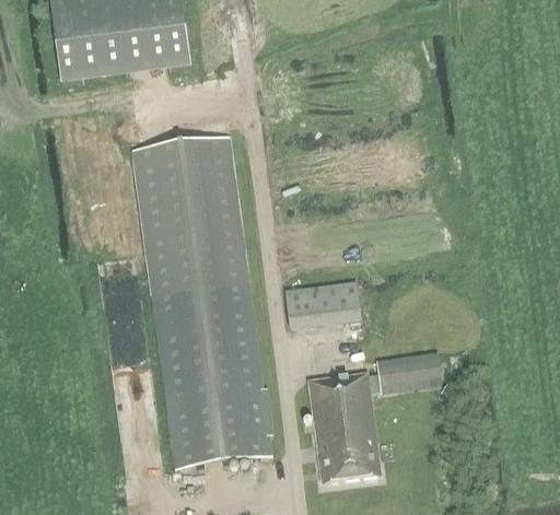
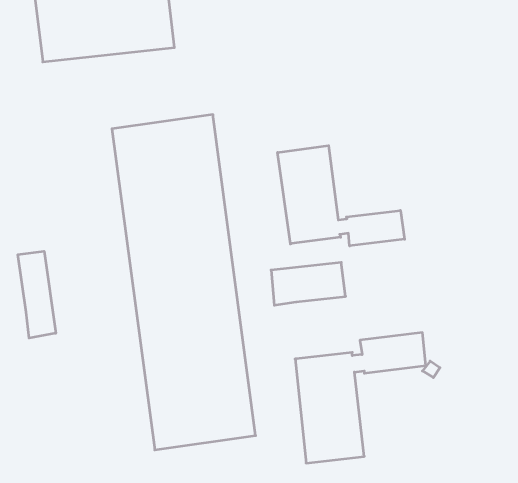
building: none -> [278,146,405,246]
building: none -> [18,251,56,338]

